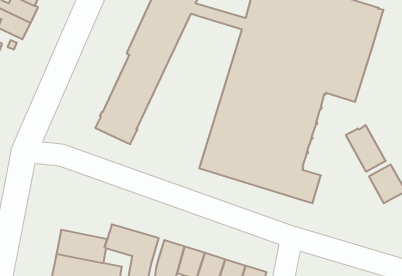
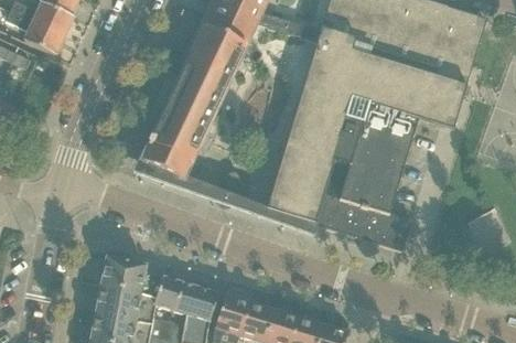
building: [346,125,386,172] -> none
building: none -> [100,250,161,294]

